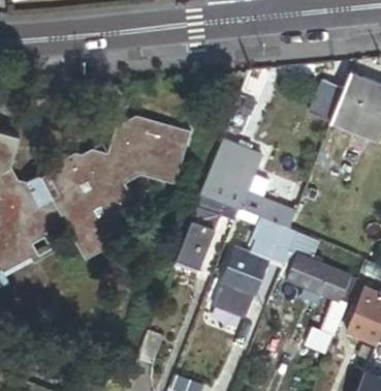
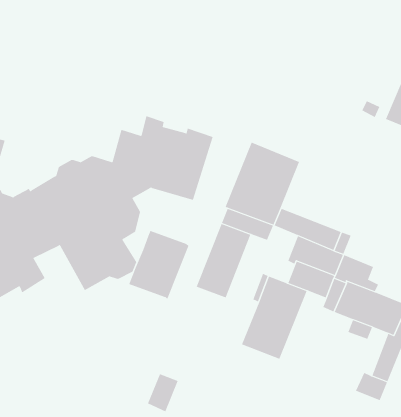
building: none -> [128,230,189,300]

